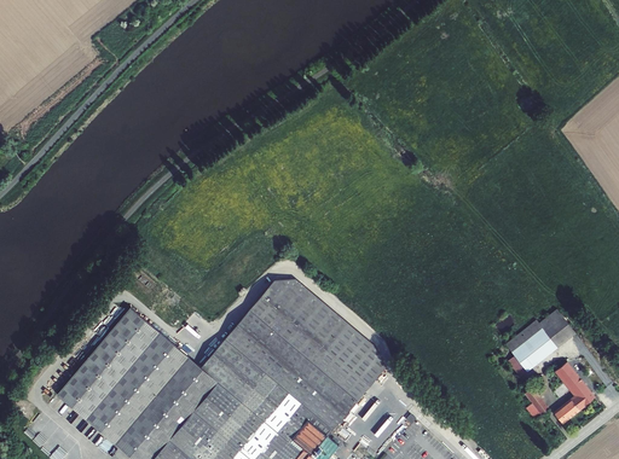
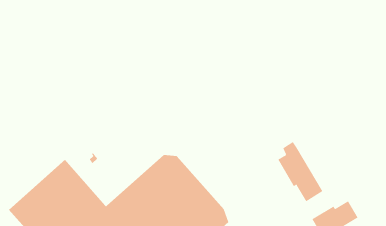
building: none -> [277,141,323,202]

